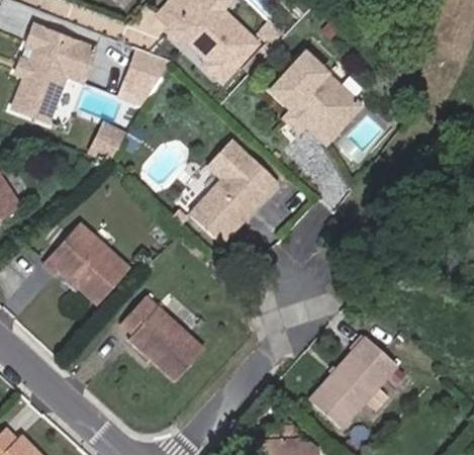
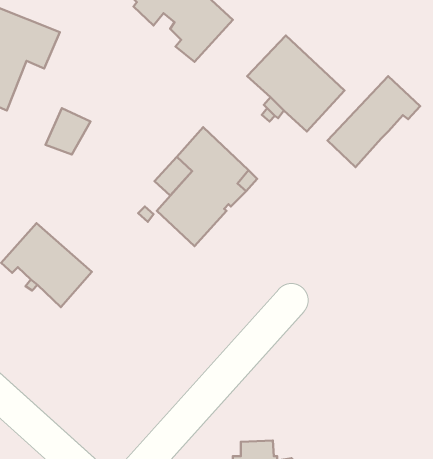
building: [116,45,170,108] -> none
building: none -> [327,76,420,167]
building: [120,297,203,382] -> none
building: [309,338,395,427] -> none

